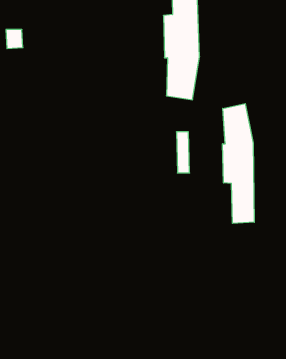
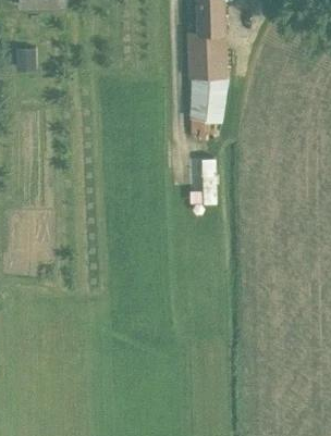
building: [223,104,254,223] -> none

